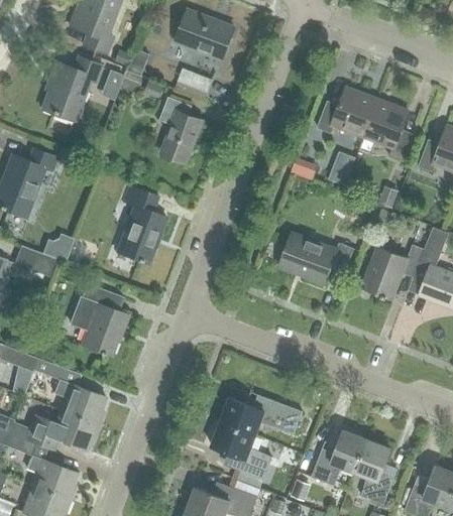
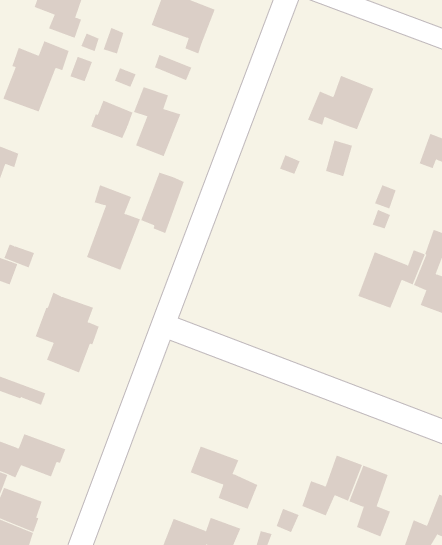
building: [362,100,413,161] -> none
building: none -> [90,100,133,139]
building: none -> [140,172,184,234]
building: [279,233,354,284] -> none
building: [52,379,106,425] -> none
building: [220,397,303,435] -> none

